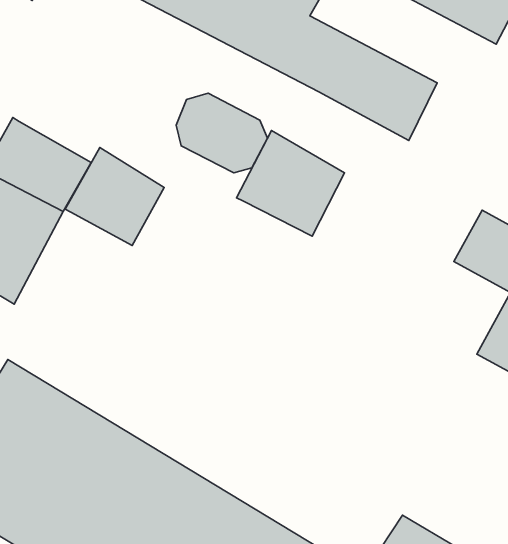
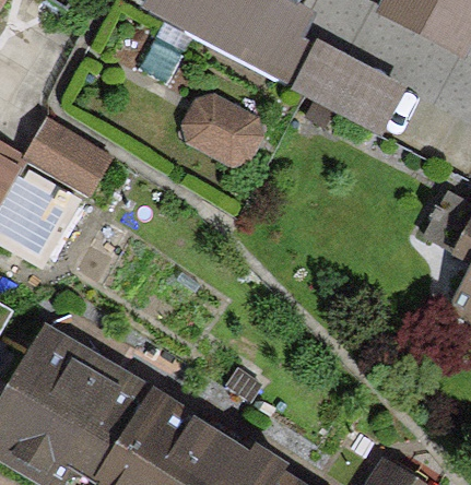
building: [236,130,344,236] -> none
building: [65,147,164,246] -> none

